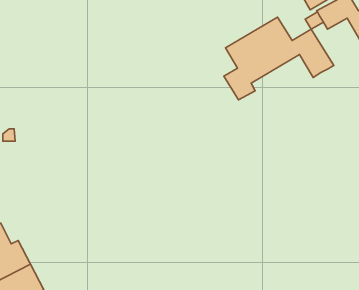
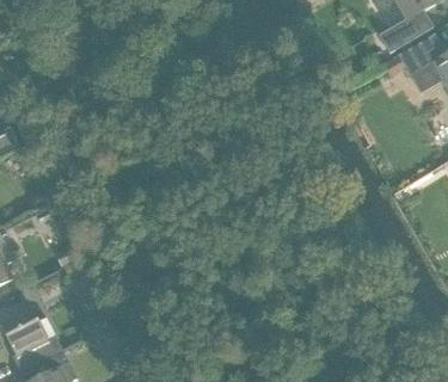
building: [224,17,334,100] -> none

